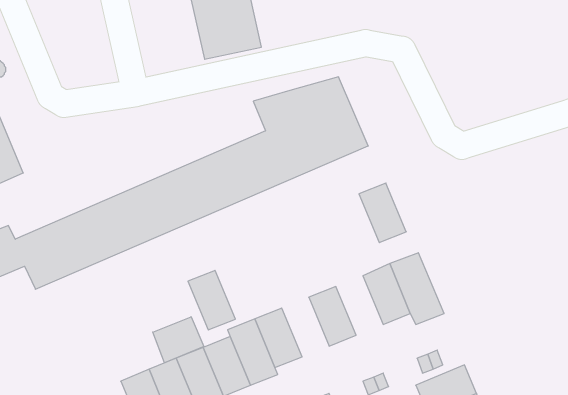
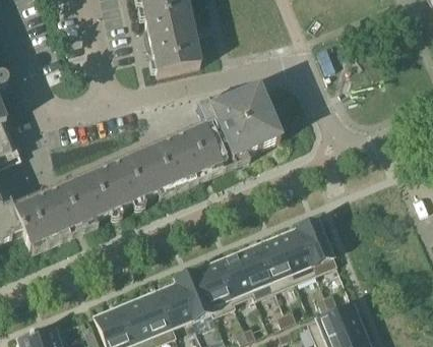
building: [359,183,406,243] -> [257,236,293,281]
building: [188,270,235,330] -> [216,252,252,297]
building: [153,317,204,363] -> none

